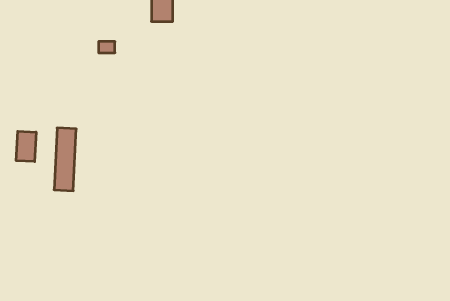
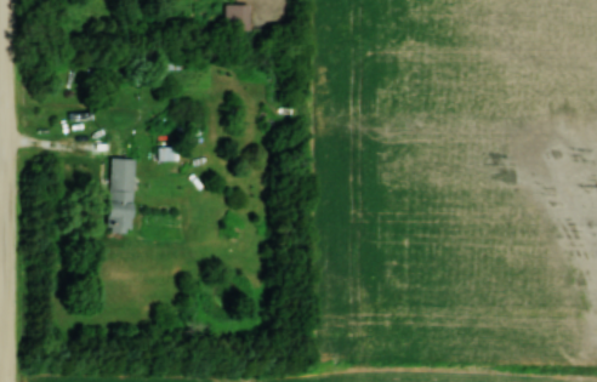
building: [16,131,36,162] -> none

